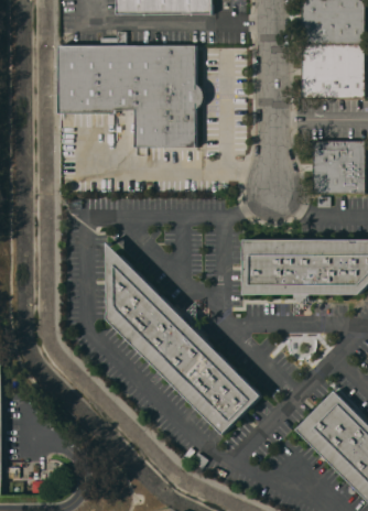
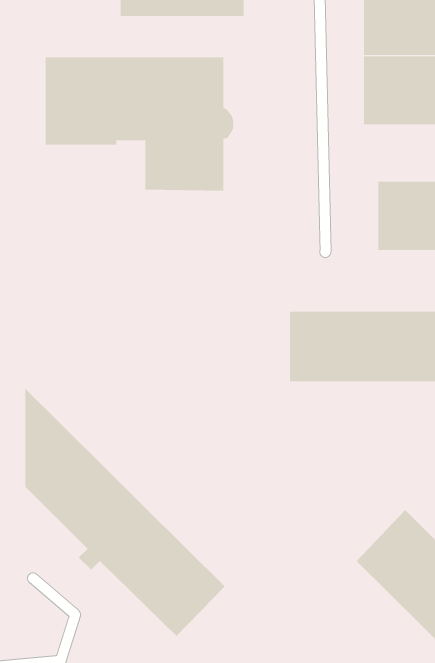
building: [108,242,261,433] -> [24,387,226,637]

